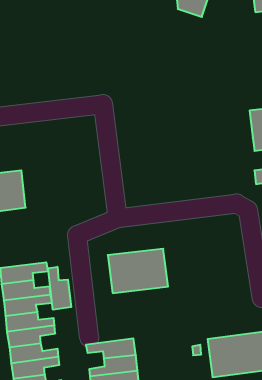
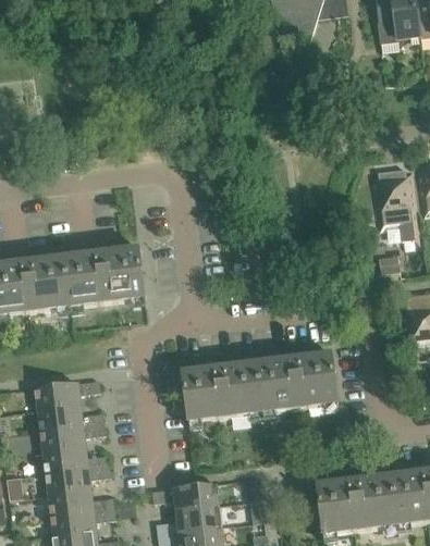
building: none -> [64,245,145,305]
building: none -> [256,350,337,411]
building: [48,267,71,310] -> none

